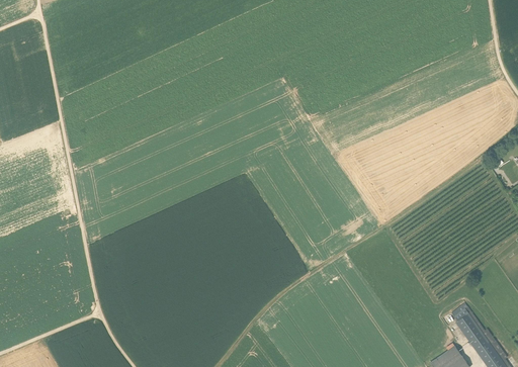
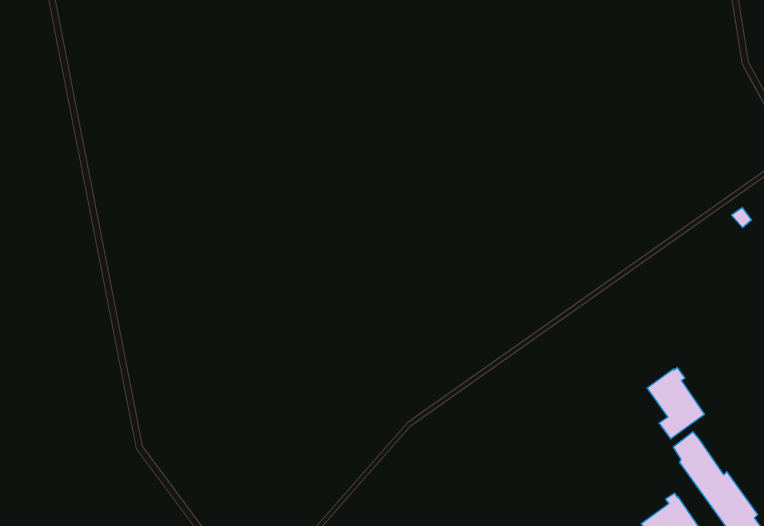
building: none -> [647,367,705,439]

